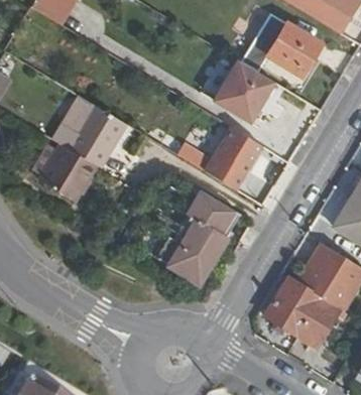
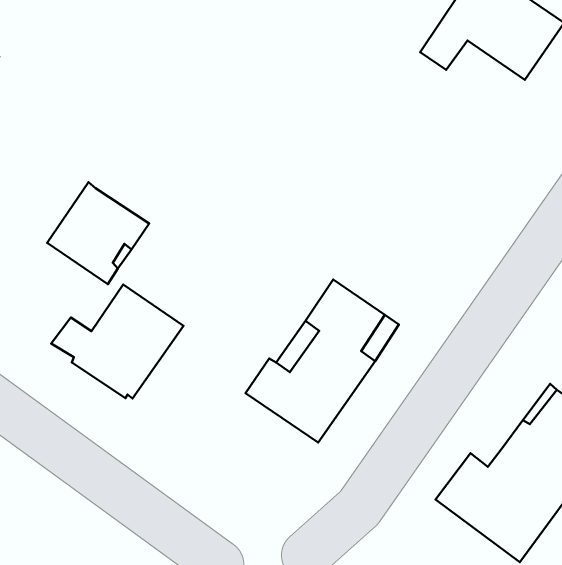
building: [215,60,276,122] -> none
building: [53,104,127,167] -> [51,285,184,399]
building: [184,128,262,191] -> none

